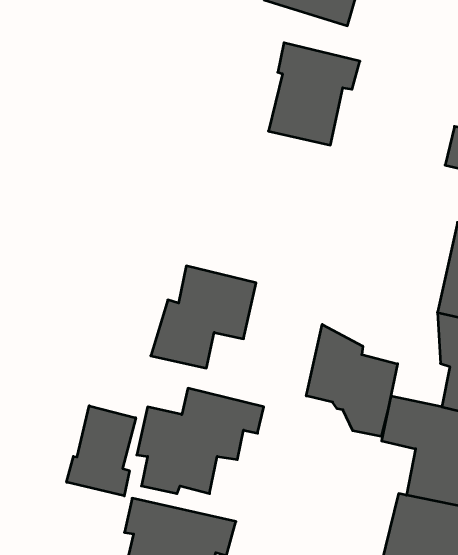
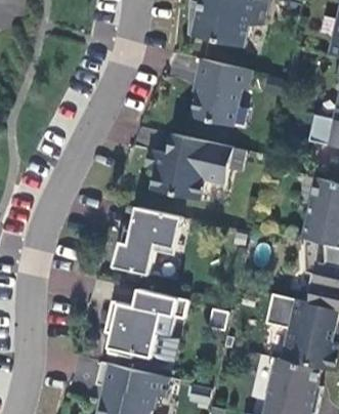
building: none -> [141,133,231,201]
building: [306,324,398,436] -> none
building: [67,406,136,496] -> none

